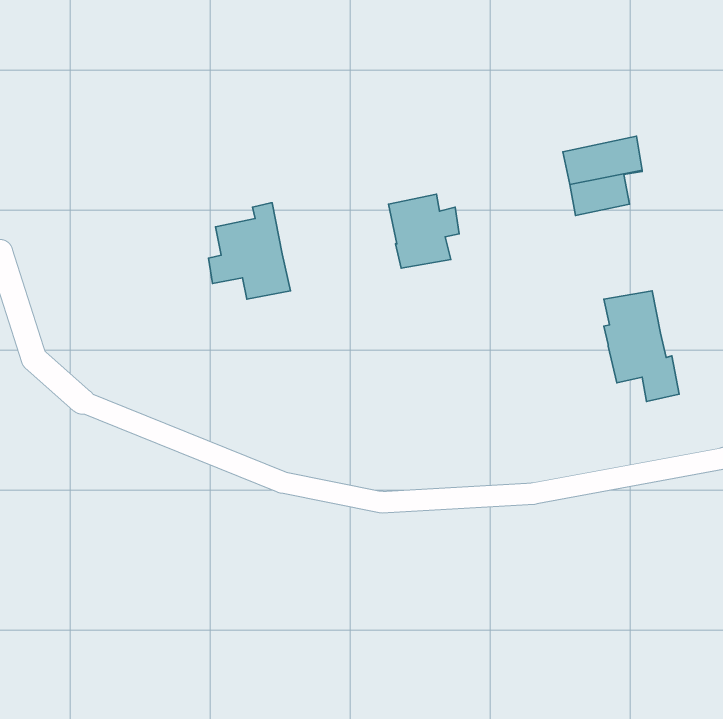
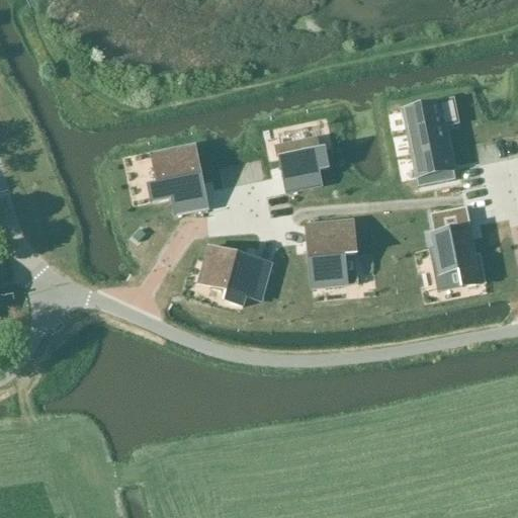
building: none -> [412,146,454,176]
building: none -> [307,220,357,286]
building: none -> [206,246,272,306]

